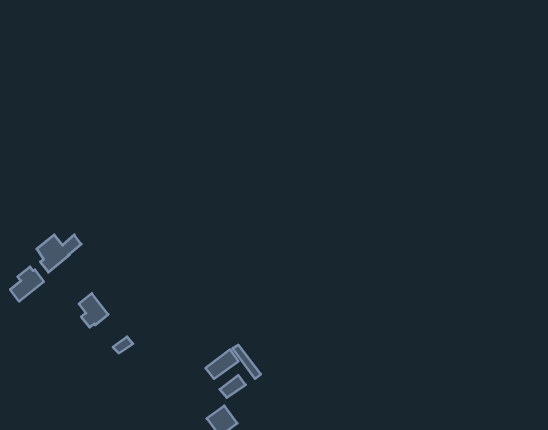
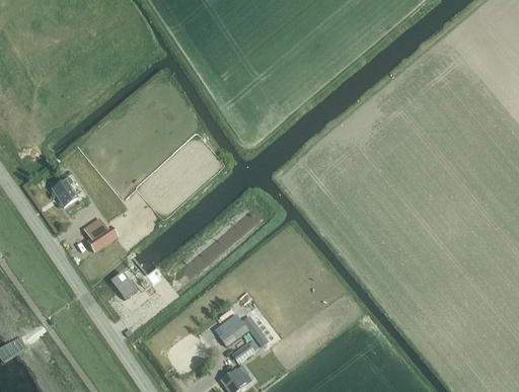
building: none -> [53,175,78,205]
building: [10,267,44,301] -> none

